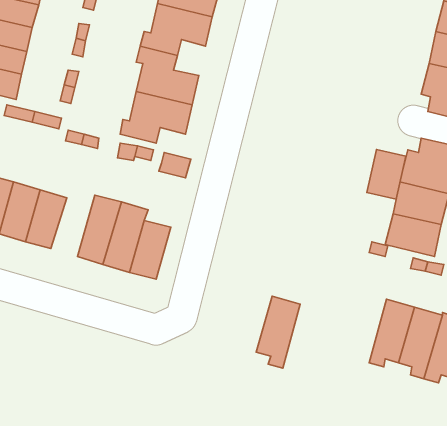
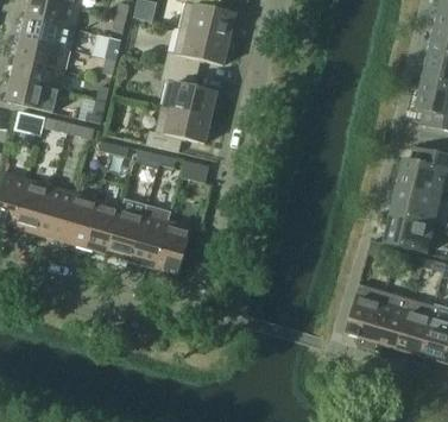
building: [367,150,406,199] -> none
building: none -> [84,200,121,252]
building: [256,296,300,368] -> [345,283,384,347]

